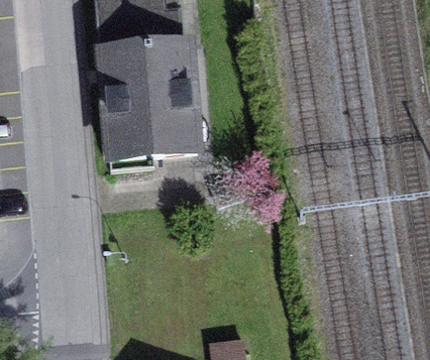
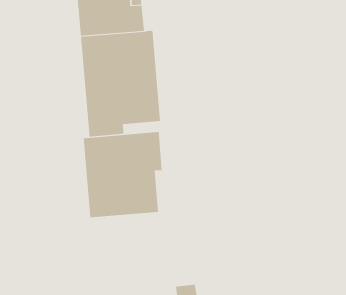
building: none -> [83,131,162,218]

